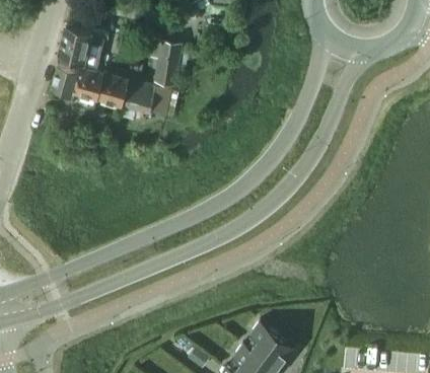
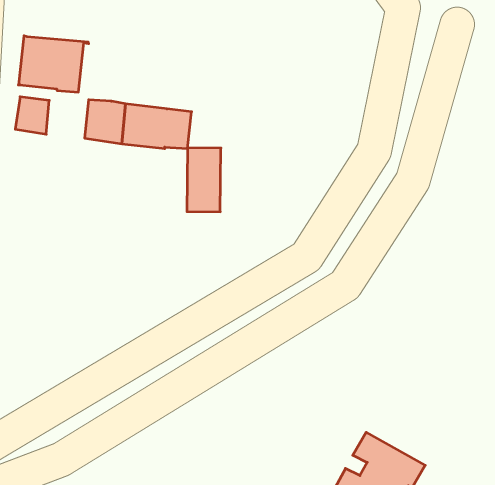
building: [154,43,183,88] -> [187,148,221,212]
building: [72,71,103,101] -> none

